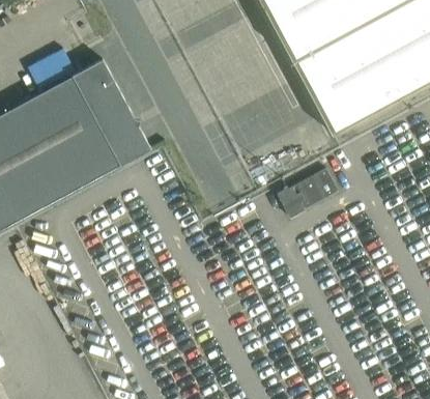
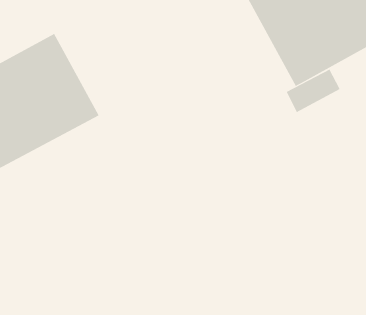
building: [71,58,151,165] -> none
building: [279,168,338,216] -> [286,69,340,113]

